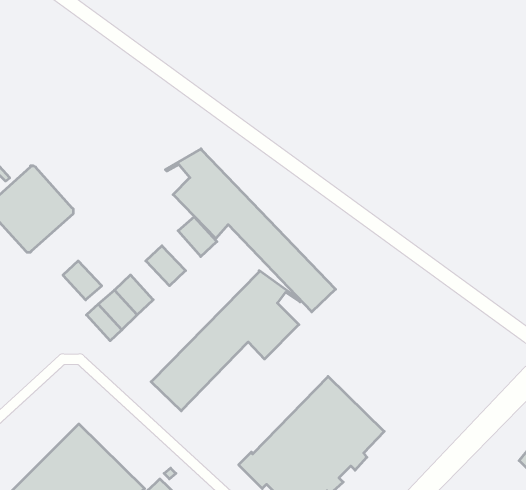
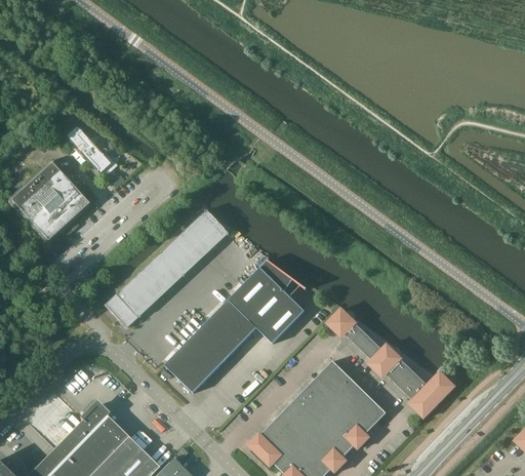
building: none -> [67,125,117,172]
building: [165,149,336,312] -> none
building: none -> [175,222,212,260]
building: [63,261,102,300] -> [146,250,183,287]
building: none -> [327,308,456,418]

